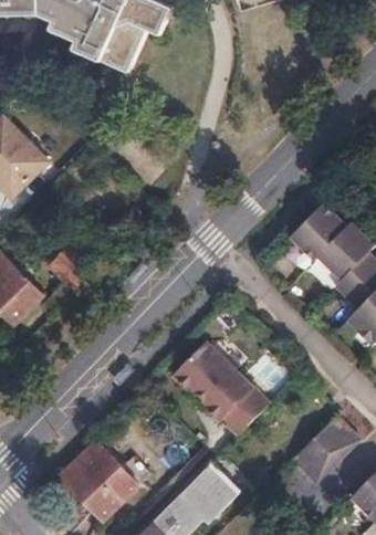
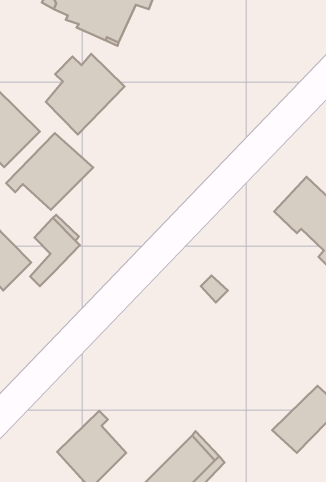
building: none -> [46,54,125,134]
building: none -> [6,133,93,210]
building: [171,334,272,433] -> none

